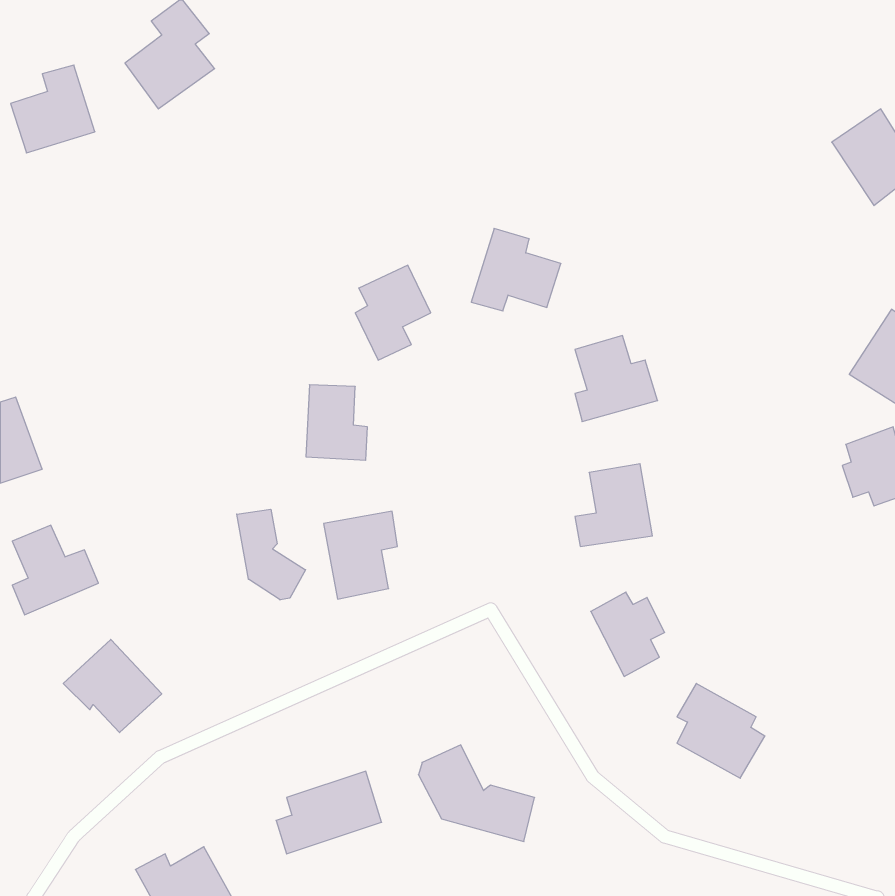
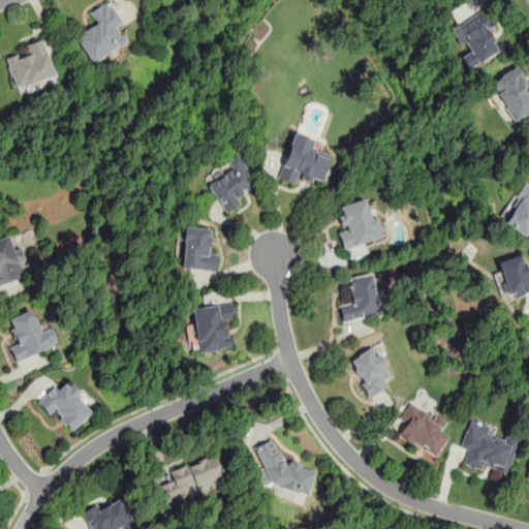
building: none -> [450,8,501,67]
building: [237,509,306,600] -> none
building: none -> [461,419,521,474]

